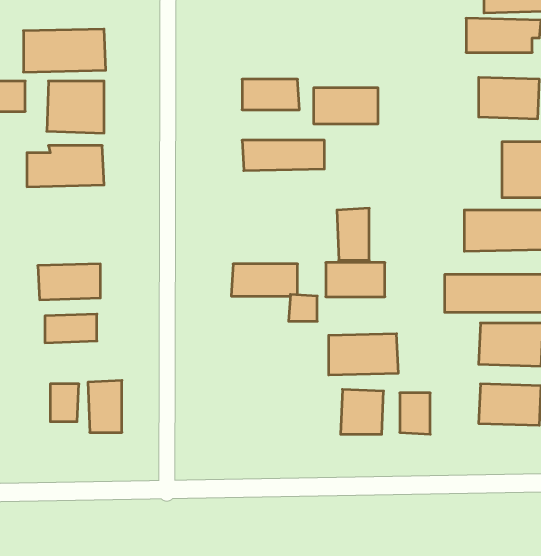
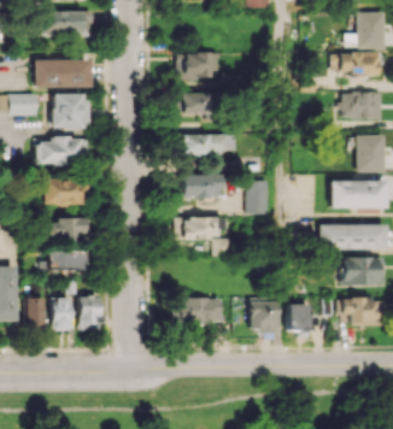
building: [314,88,378,124] -> [177,53,221,77]
building: none -> [45,178,84,205]
building: [326,263,385,297] -> [183,175,223,198]
building: [329,334,398,375] -> [175,298,222,325]
building: none -> [28,296,47,325]

